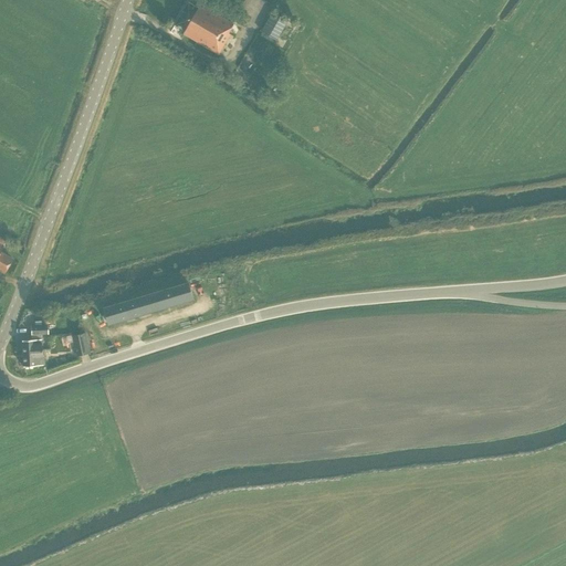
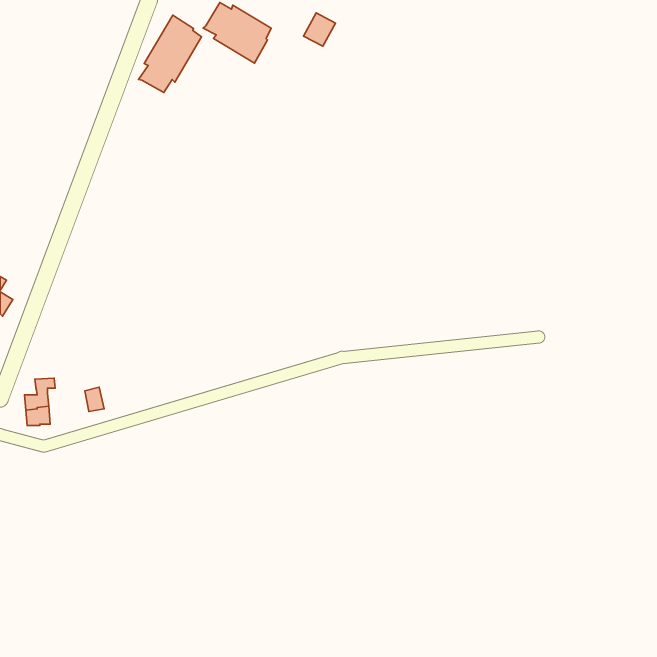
building: none -> [139,15,202,93]
building: [104,282,193,325] -> none

